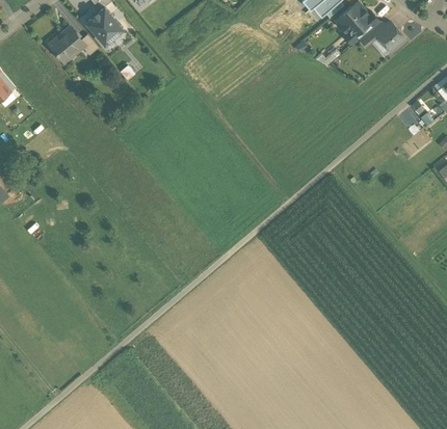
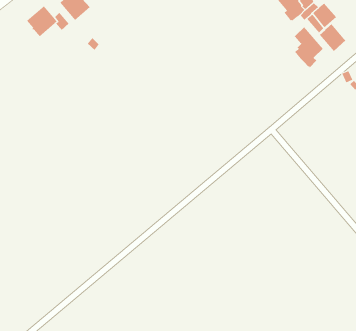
building: none -> [319,24,346,52]
building: none -> [291,26,324,68]

